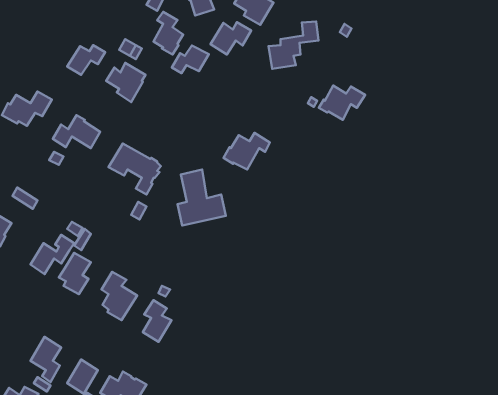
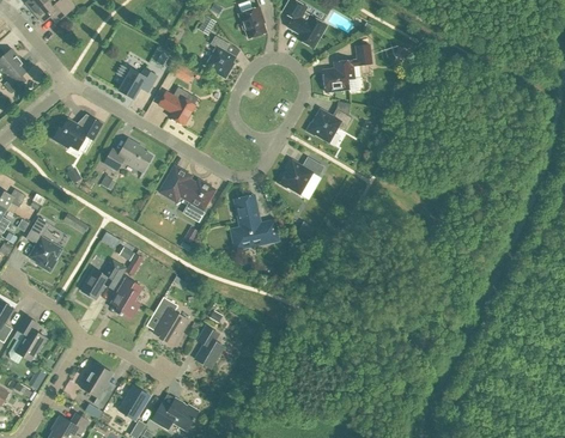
building: [210,22,251,54] -> none
building: [172,45,209,73] -> none
building: [319,85,365,120] -> [305,108,352,142]

